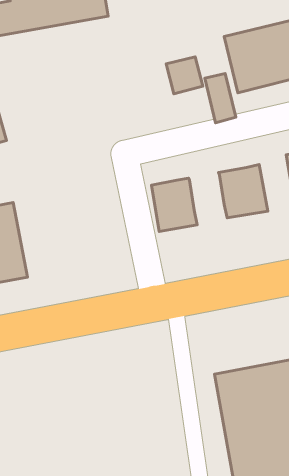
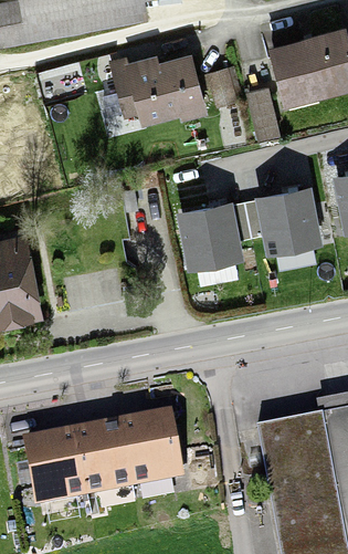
building: none -> [108,51,208,125]
building: none -> [229,201,268,241]
building: none -> [27,420,177,499]

